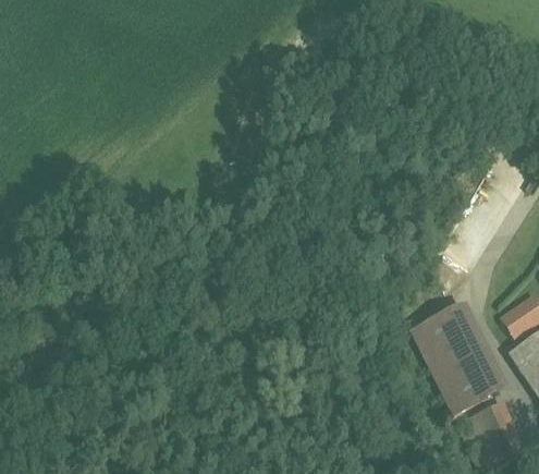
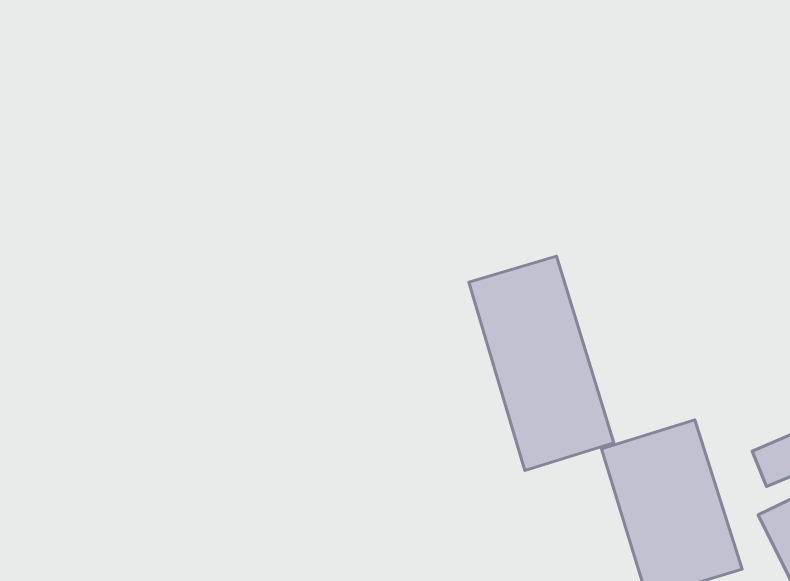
building: none -> [469,256,614,471]

